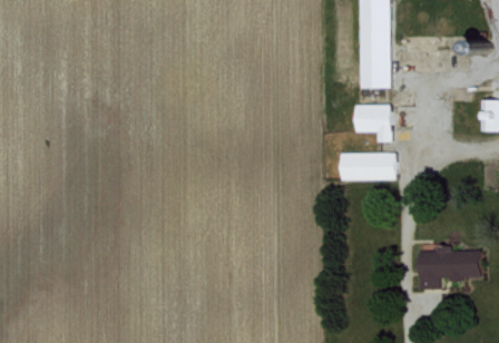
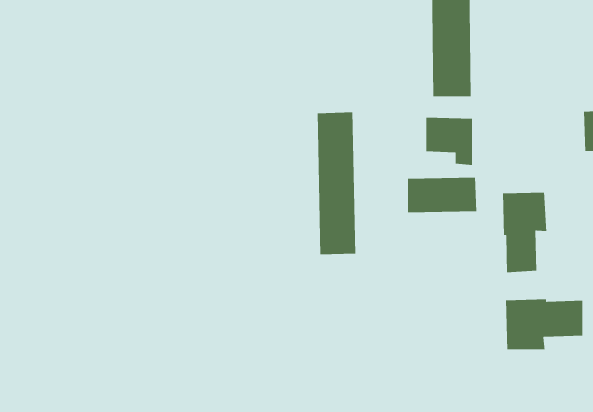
building: none -> [317,112,356,255]
building: none -> [502,192,547,273]

